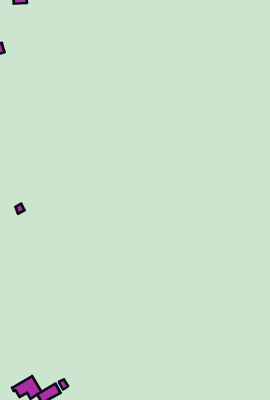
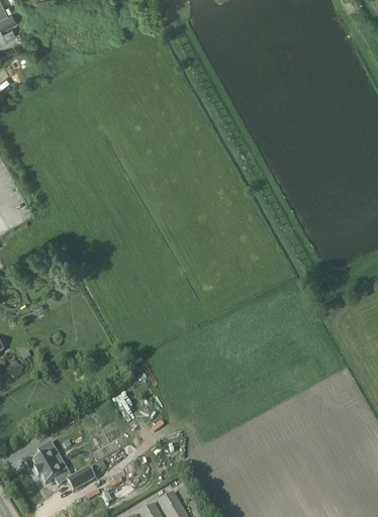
building: none -> [31,441,60,473]

